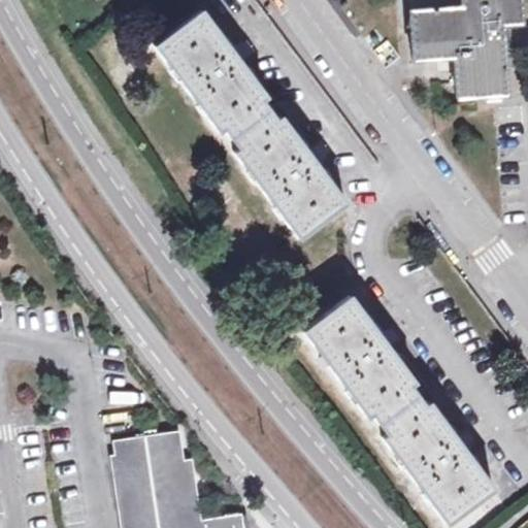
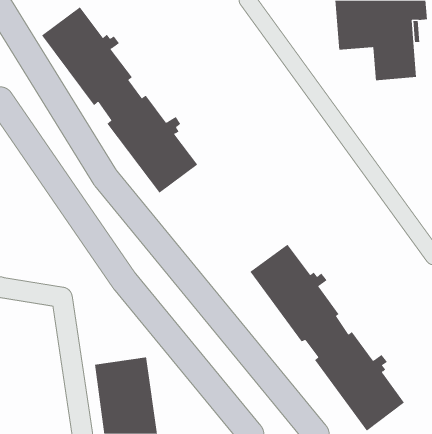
building: [156,11,346,238] -> [41,7,198,194]

